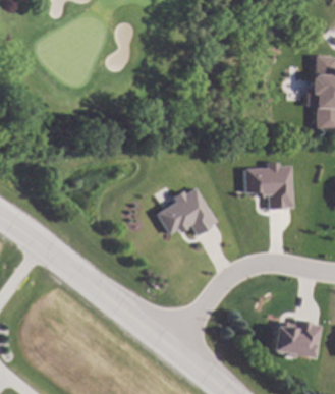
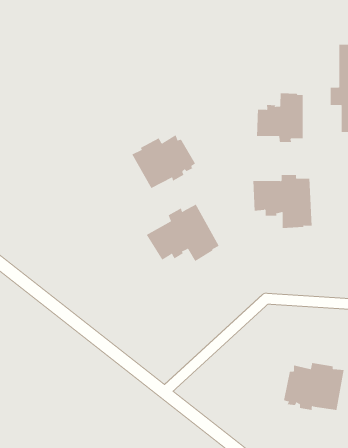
building: none -> [257,93,303,143]
building: none -> [132,134,196,189]

